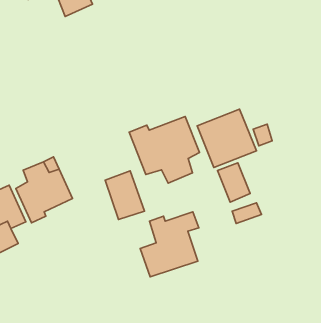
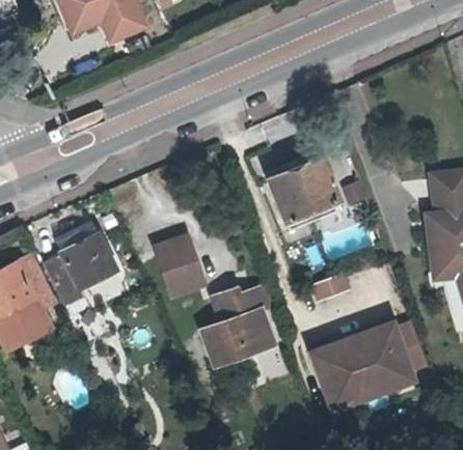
building: [129,116,199,183] -> none
building: [218,163,250,202] -> none
building: none -> [310,322,413,405]

